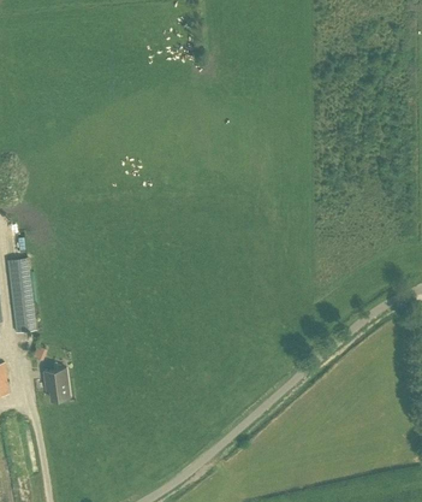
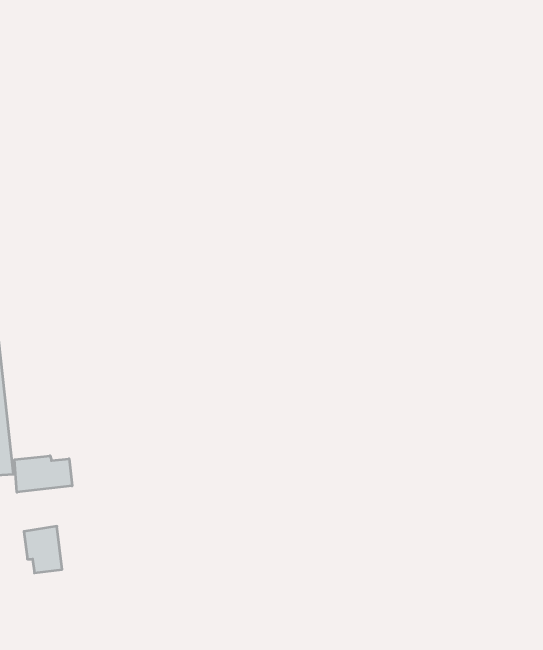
building: none -> [15,456,72,492]

